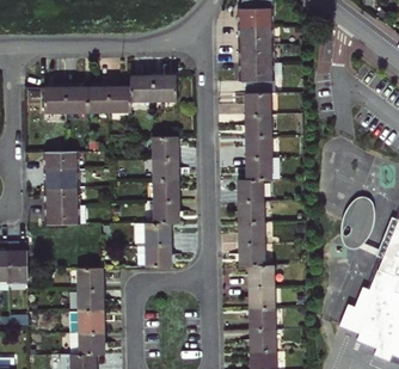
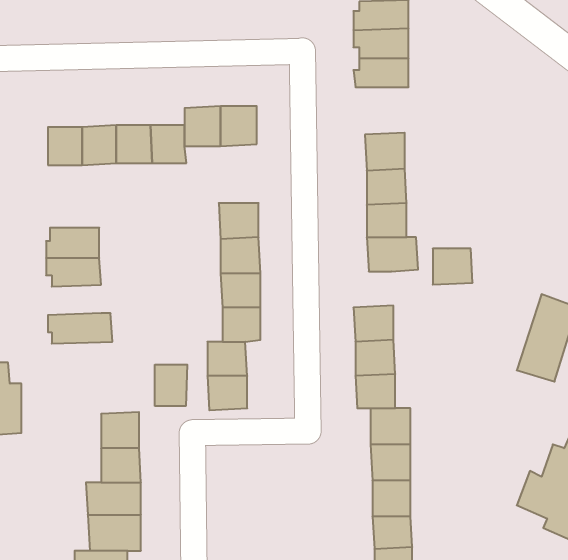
building: [239,62,272,92] -> none
building: [238,178,263,201] -> [433,249,473,285]
building: [44,186,79,205] -> none
building: none -> [155,365,187,406]

